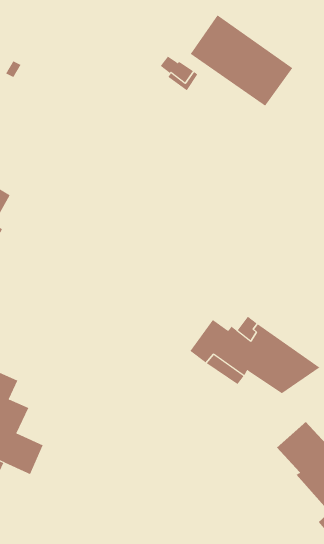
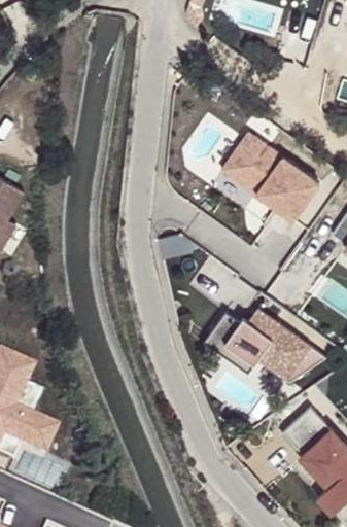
building: [190,14,293,107] -> [219,132,316,218]

